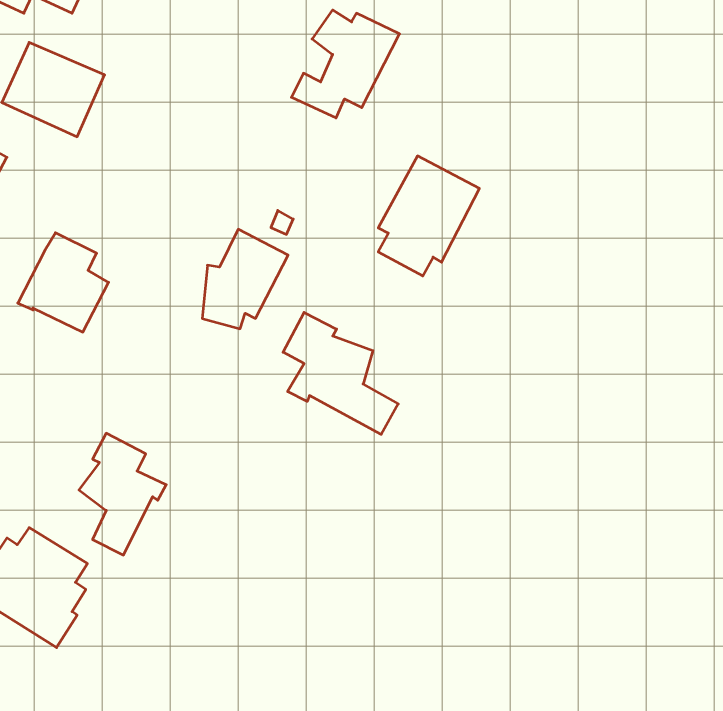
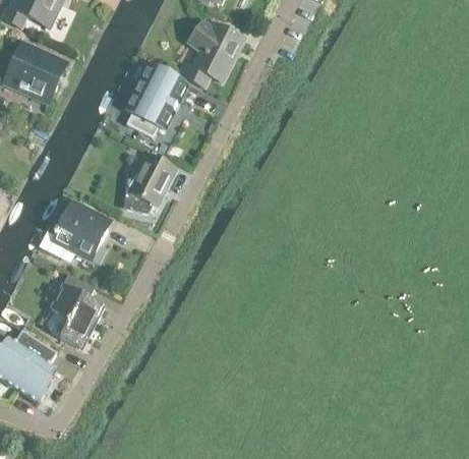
building: [378,156,479,276] -> [125,66,185,137]
building: [18,233,109,332] -> [52,199,106,259]
building: [283,312,398,434] -> none

